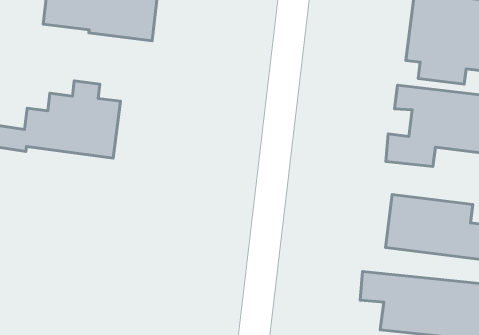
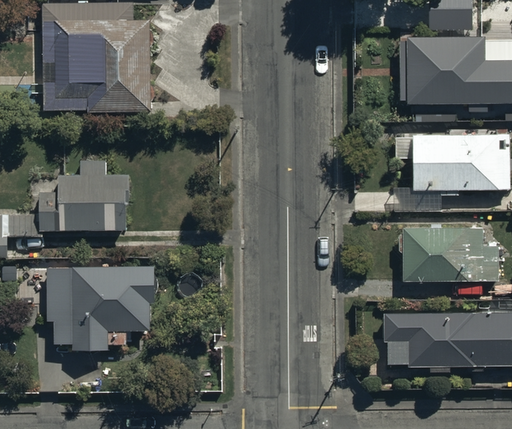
building: none -> [46,265,154,349]

